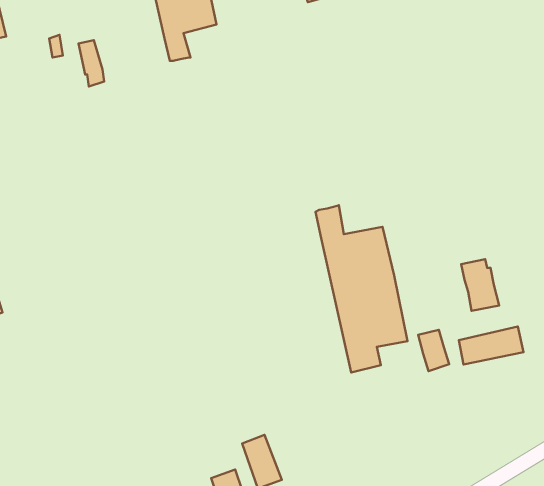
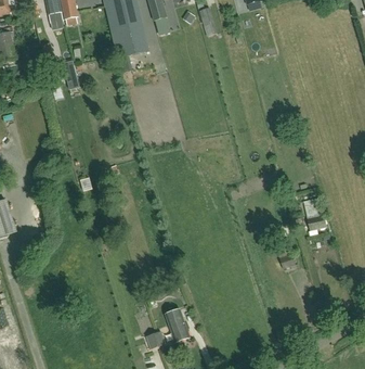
building: [315,205,407,373] -> none
building: [459,327,524,364] -> none

